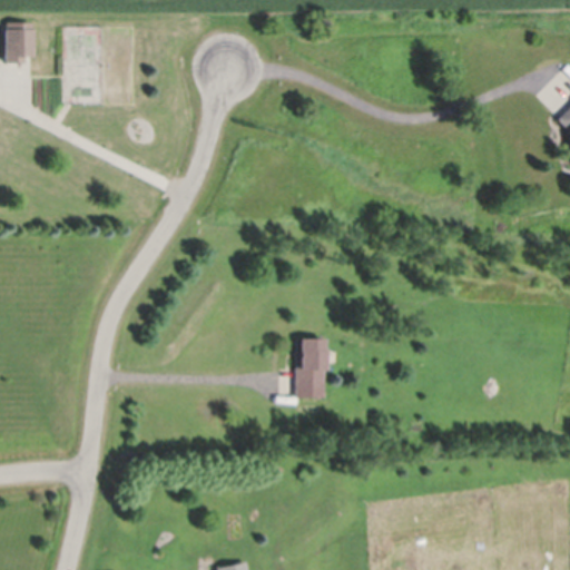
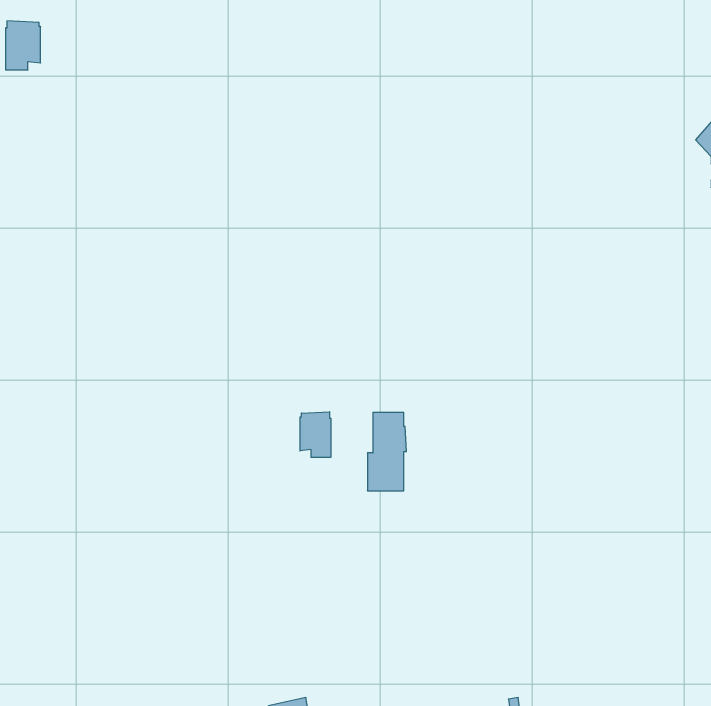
building: none -> [300,412,331,457]

